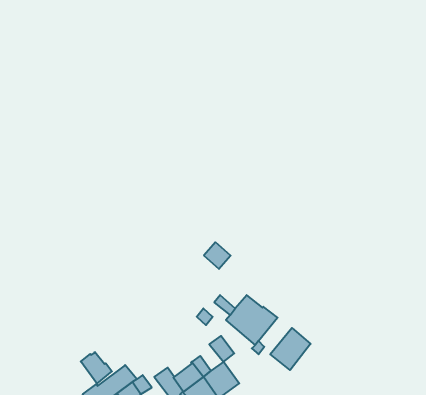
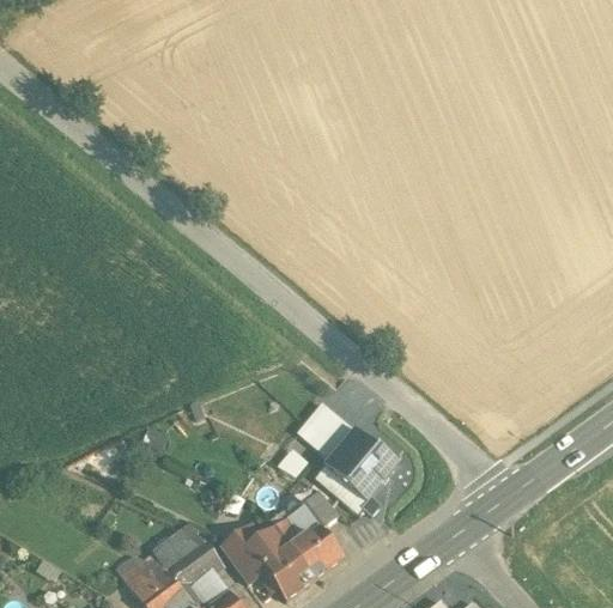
building: [204,242,231,269] -> [316,409,354,448]
building: [270,328,311,370] -> none
building: [81,352,112,383] -> none

